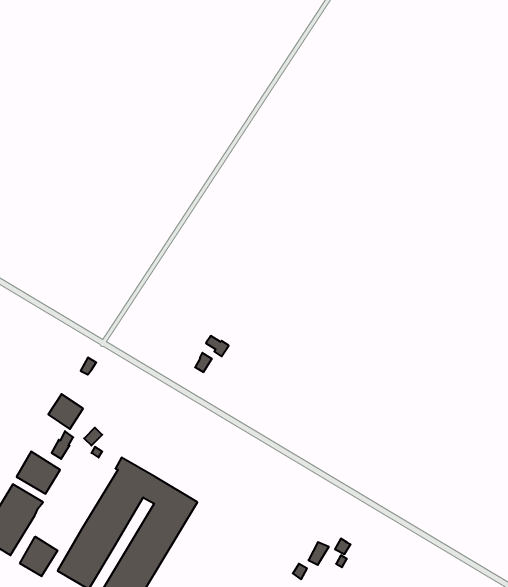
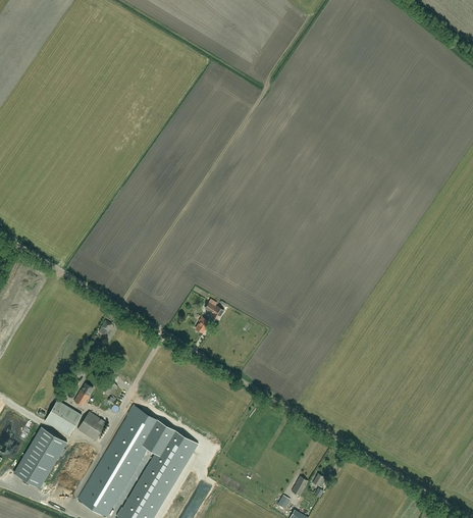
building: [48,394,83,429] -> [76,411,106,441]
building: [20,537,57,576] -> none

